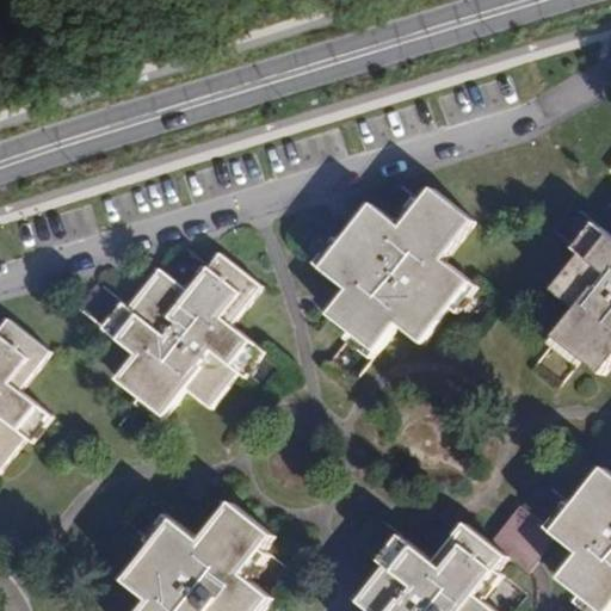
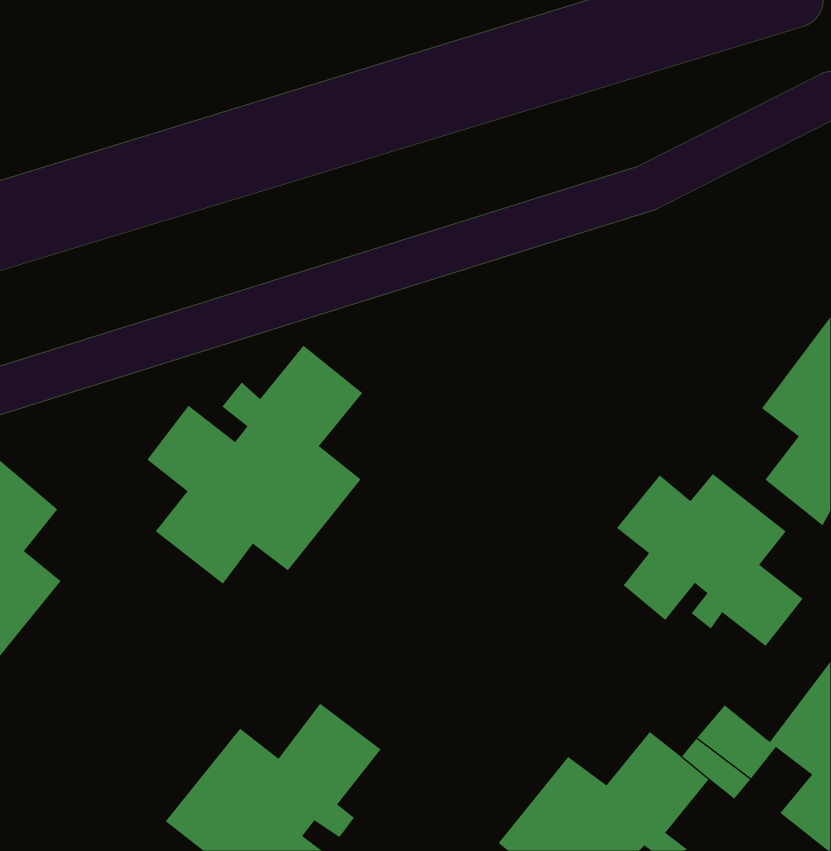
building: [316,178,476,353] -> none
building: none -> [616,473,803,647]

